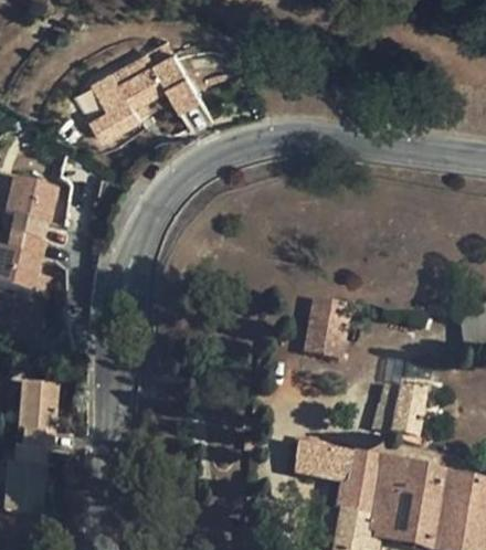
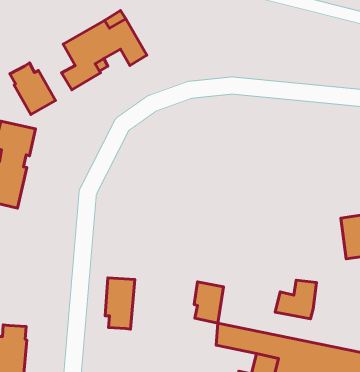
building: none -> [10,63,55,114]
building: [306,300,345,355] -> [194,282,224,323]
building: [19,381,57,448] -> [105,278,135,329]

